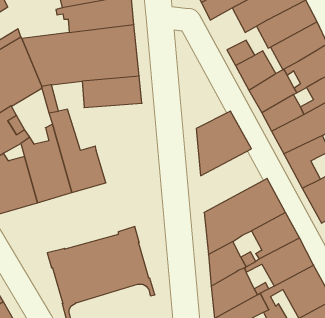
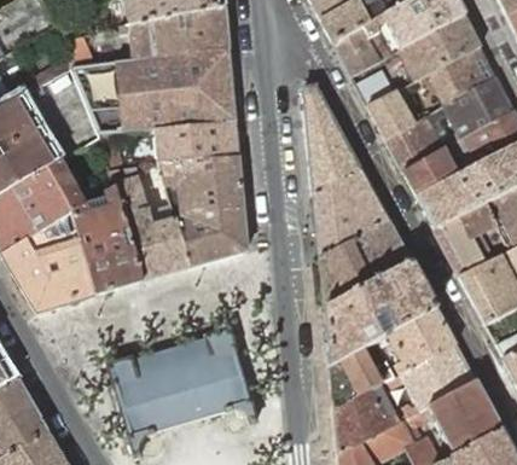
building: none -> [332,25,381,75]
building: none -> [303,86,360,192]
building: none -> [158,157,246,267]
building: none -> [319,220,411,308]

